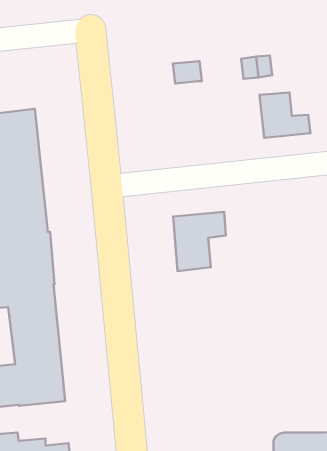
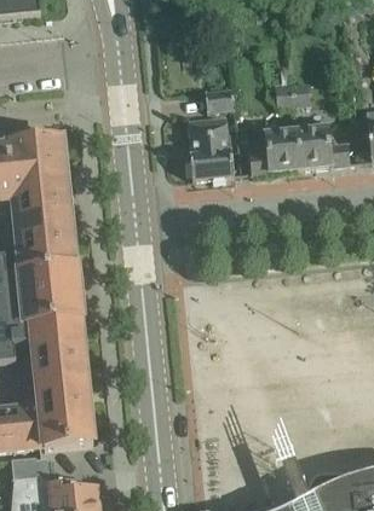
building: none -> [190,116,234,176]
building: none -> [251,121,300,170]
building: [173,212,226,271] -> none

